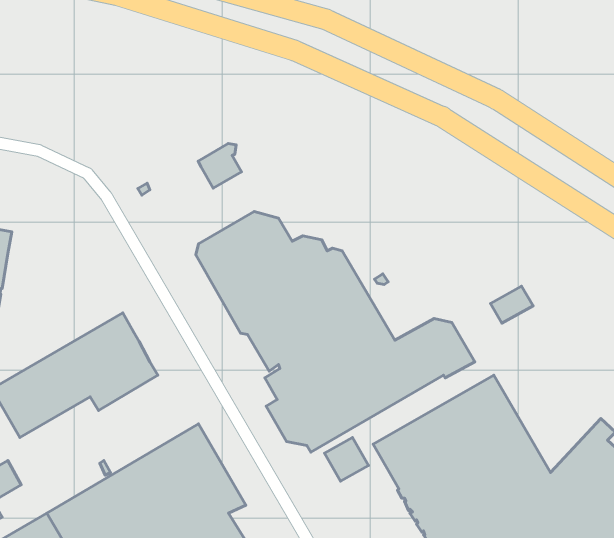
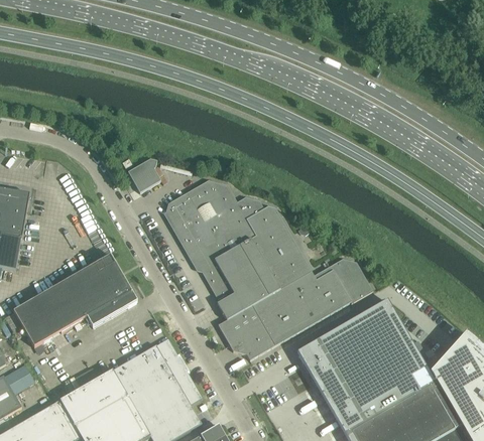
building: [198,143,242,188] -> [128,159,160,192]
building: [490,286,533,323] -> none
building: [324,437,369,481] -> none

